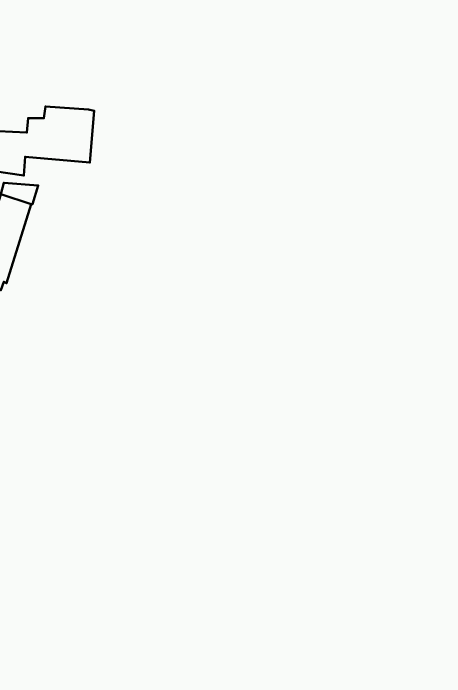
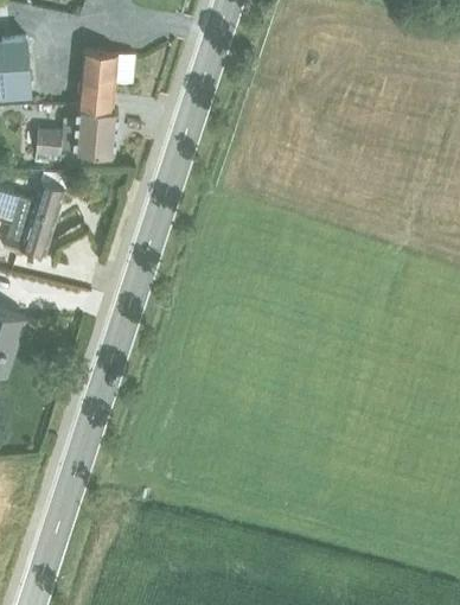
building: none -> [77,52,134,113]

